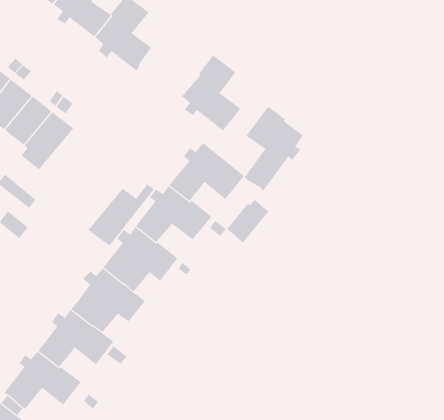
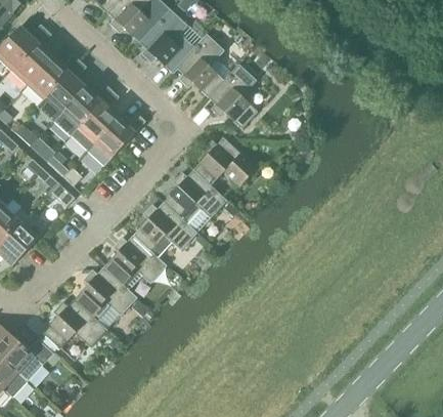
building: none -> [176,34,225,96]
building: [244,106,304,191] -> none
building: [88,184,155,247] -> [86,115,144,165]
building: [226,199,269,244] -> none

